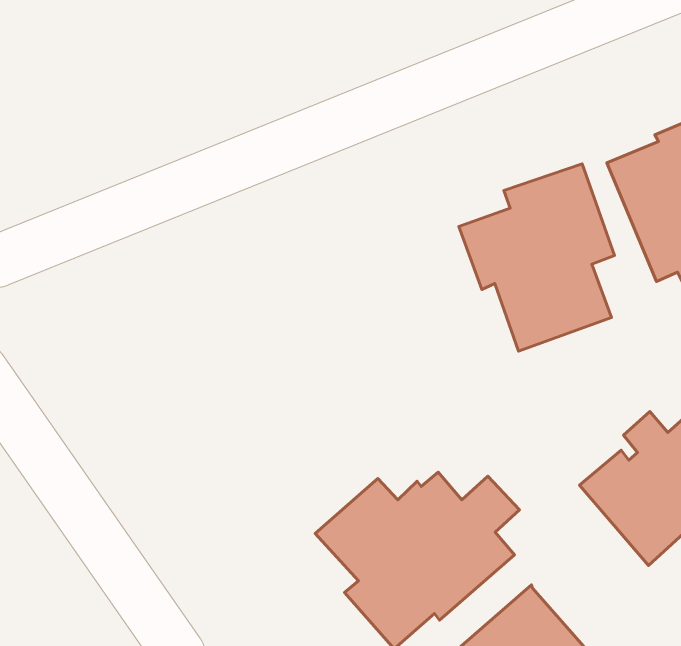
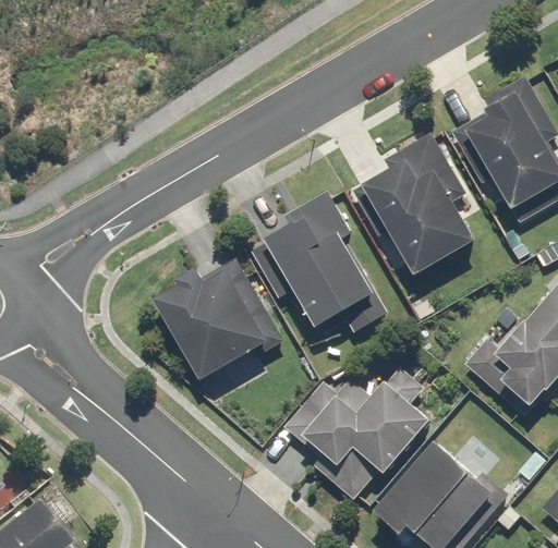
building: none -> [251,191,371,327]
building: none -> [149,256,288,385]

